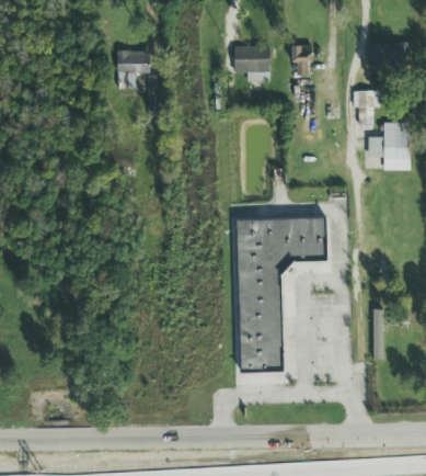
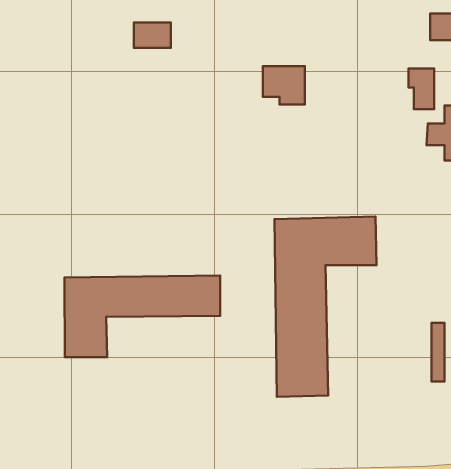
building: [290,45,311,76] -> none
building: [233,46,269,79] -> [263,66,305,104]
building: none -> [65,275,220,357]

